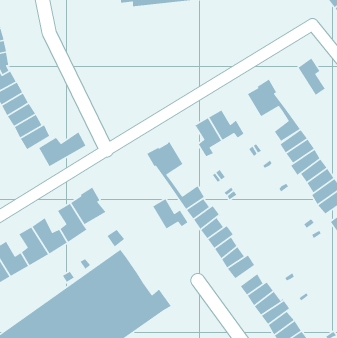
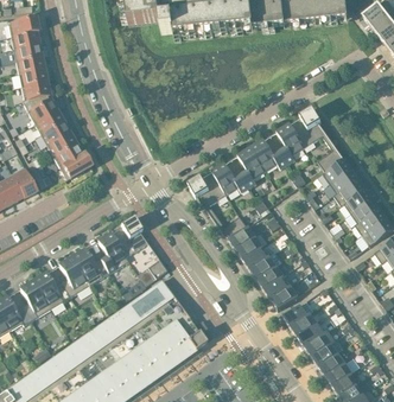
building: [298,57,326,96] -> none
building: none -> [274,123,303,164]
building: [38,131,86,167] -> none
building: [152,198,188,229] -> [210,162,247,194]

